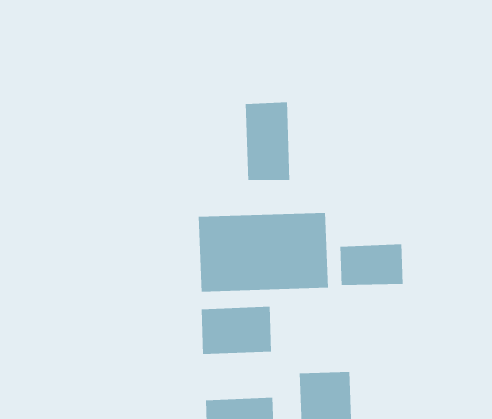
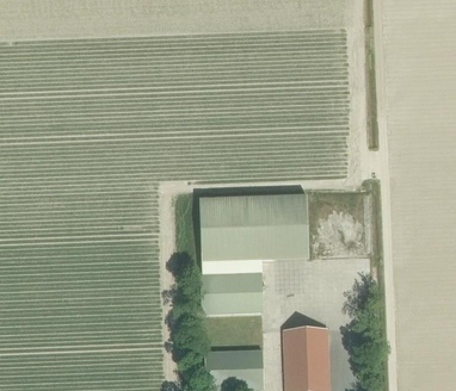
building: [245,102,290,181] -> none
building: [340,244,403,286] -> none

